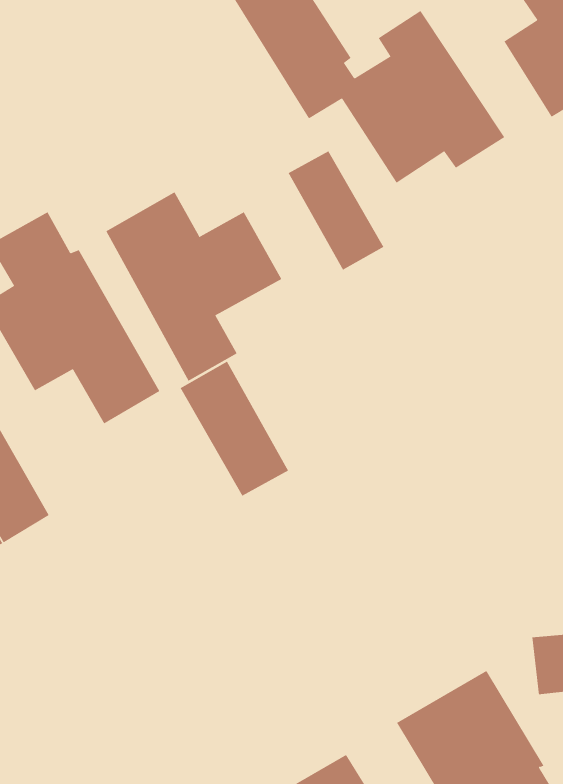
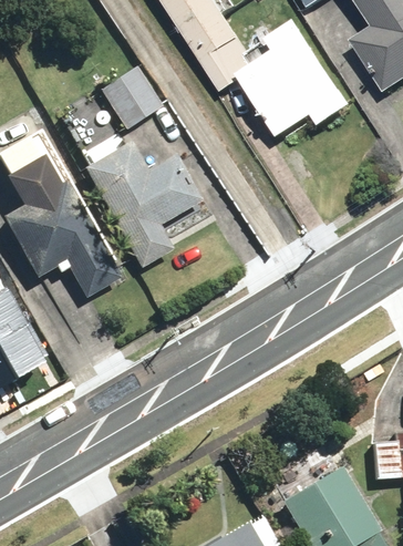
building: none -> [100,66,162,131]
building: [288,151,384,271] -> none
building: [180,361,289,496] -> none

